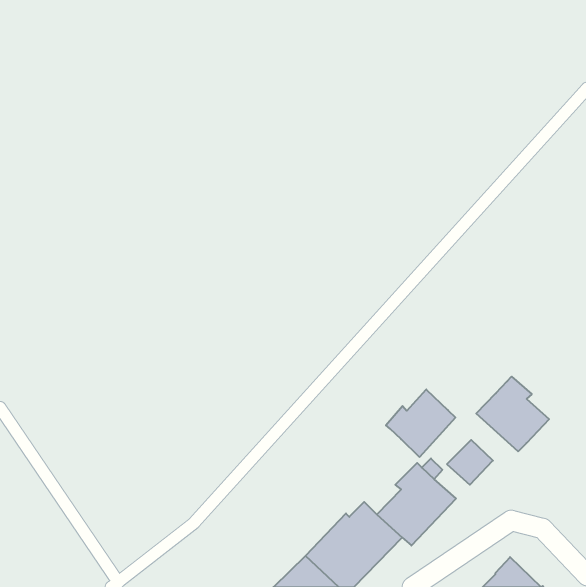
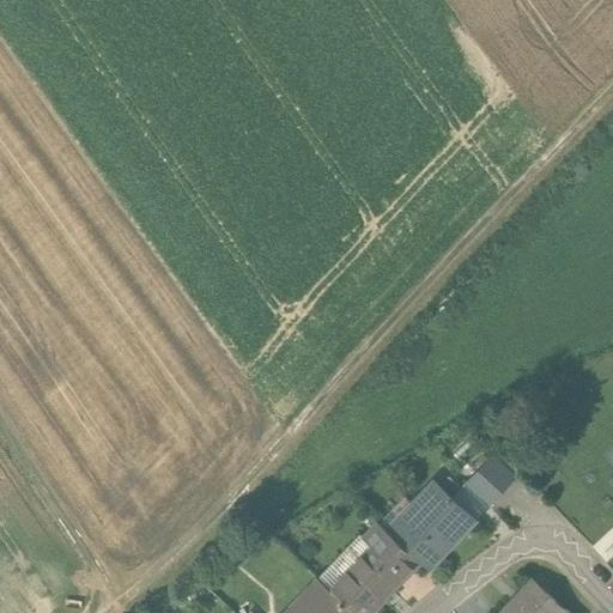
building: [476,377,549,451] -> none
building: [386,389,455,457] -> none

